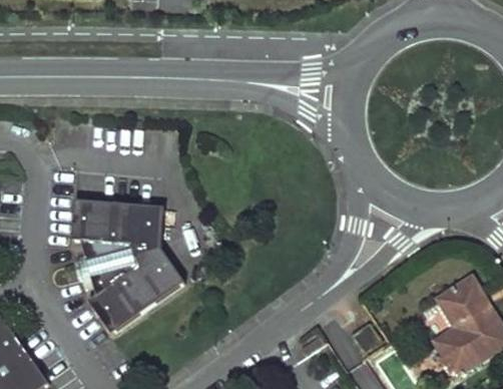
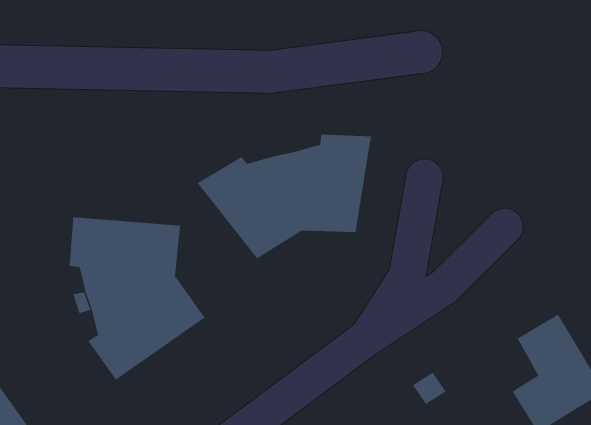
building: none -> [197,134,371,259]

